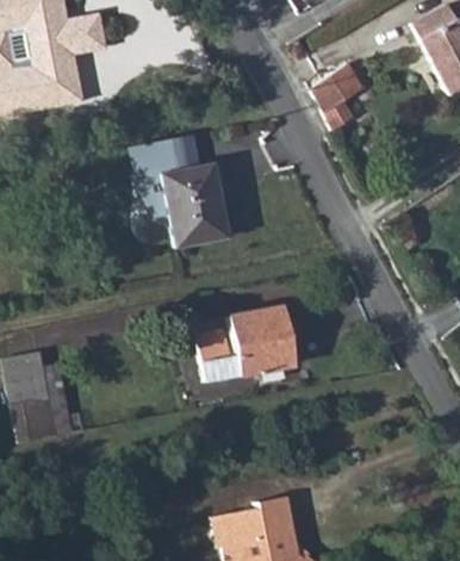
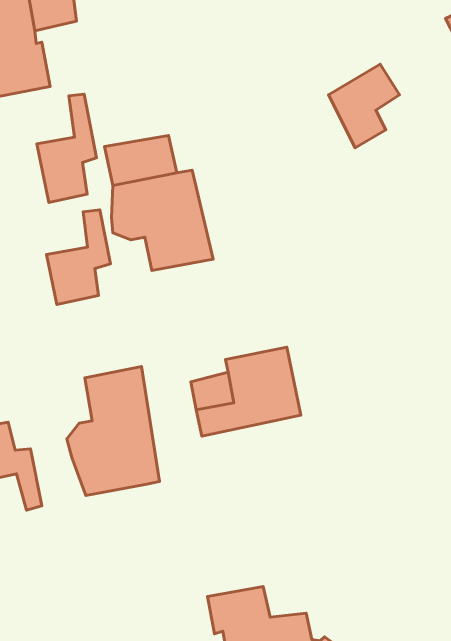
building: none -> [37,94,97,203]
building: none -> [46,210,110,305]
building: none -> [67,366,159,495]
building: [260,497,298,538] -> none

